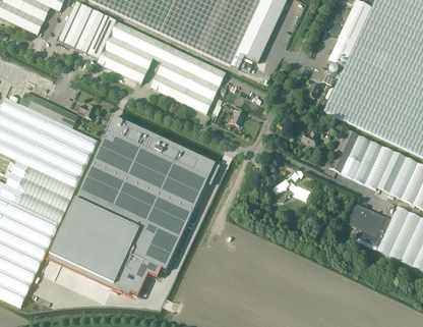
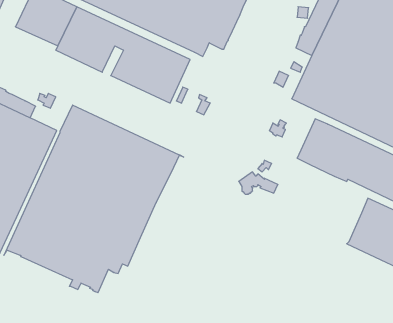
building: [346,203,390,247] -> none

